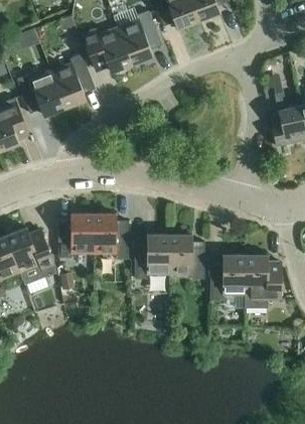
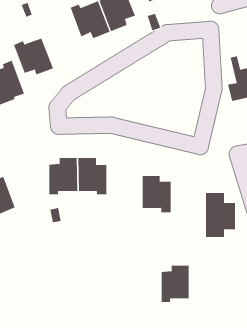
building: [51,53,96,107] -> none
building: [6,227,57,285] -> none
building: [135,234,170,278] -> none
building: [211,254,246,298] -> [161,265,190,302]

